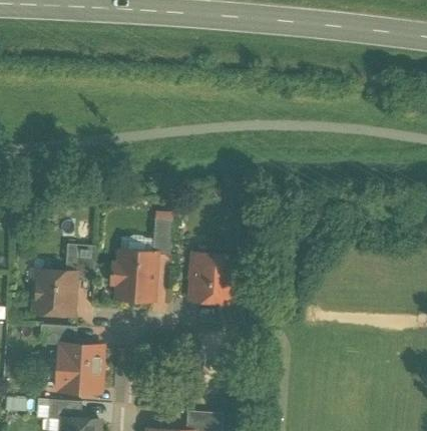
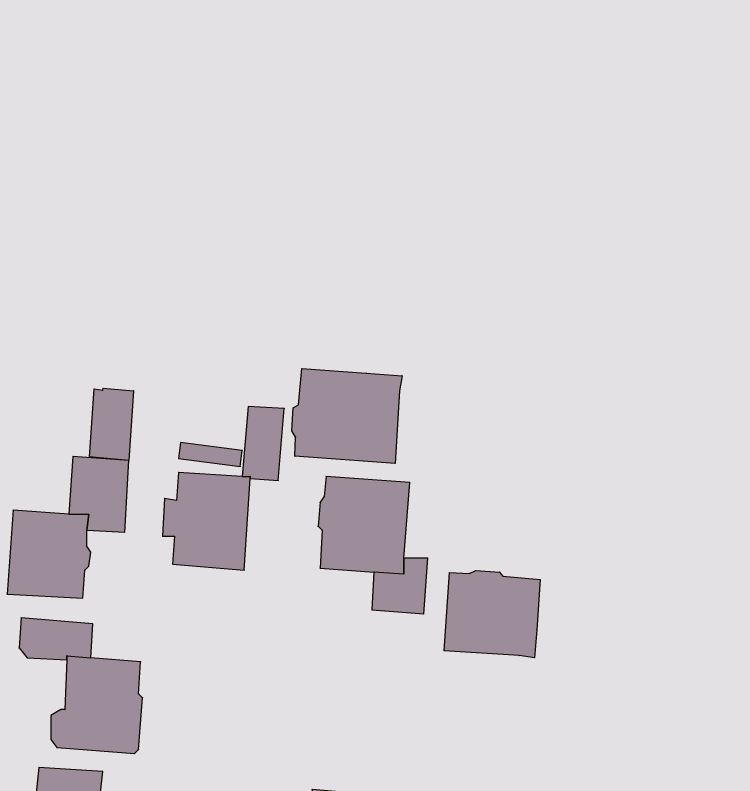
building: none -> [292,369,402,463]
building: none -> [90,388,134,460]
building: none -> [444,571,540,658]

